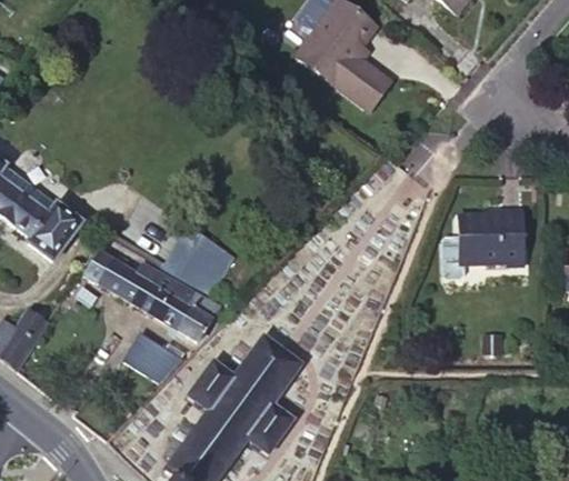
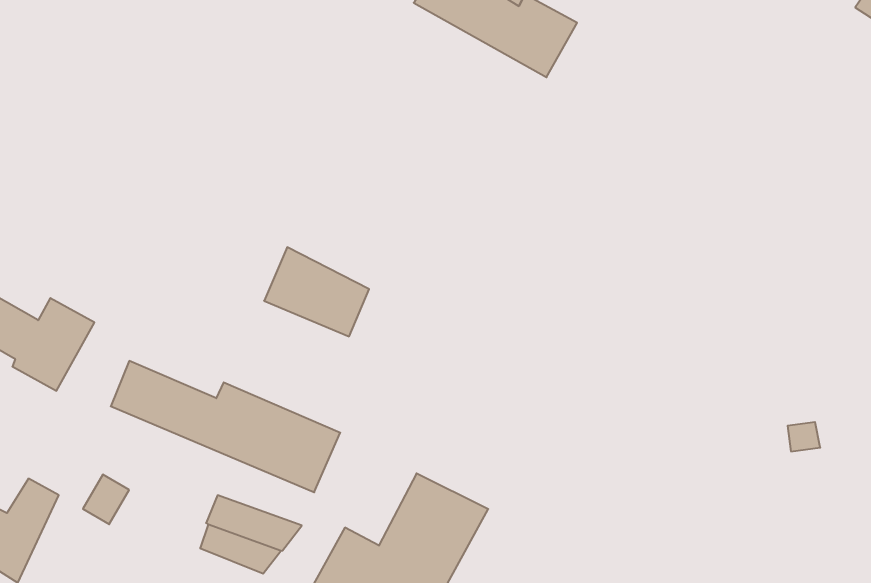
building: [442,209,526,277] -> none
building: [163,237,227,294] -> [264,247,369,336]

